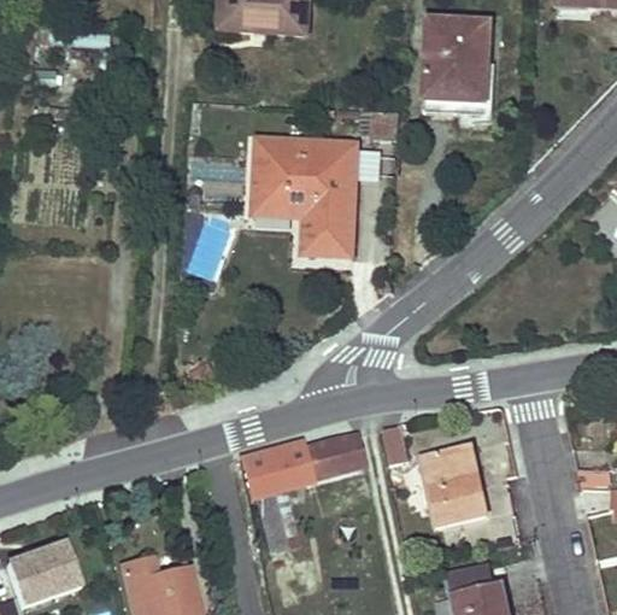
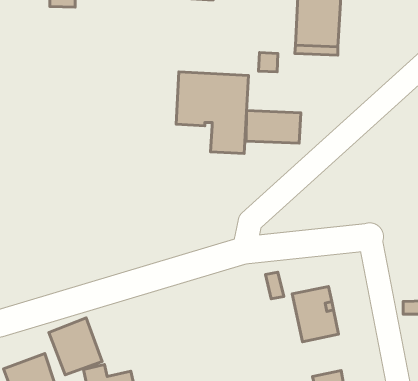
building: none -> [246,110,301,143]
building: [240,434,363,552] -> none
building: none -> [49,318,102,375]

